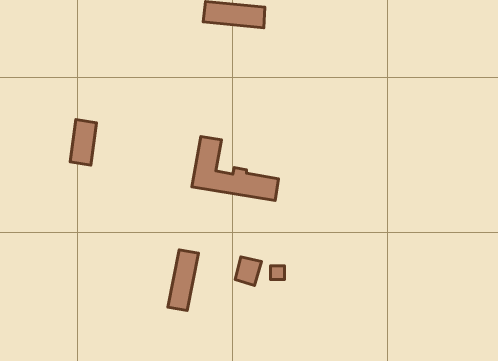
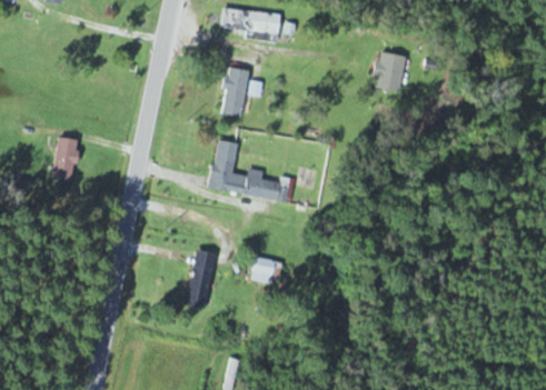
building: none -> [374,51,405,91]
building: none -> [221,67,249,116]
building: [70,119,97,165] -> [53,136,79,180]

